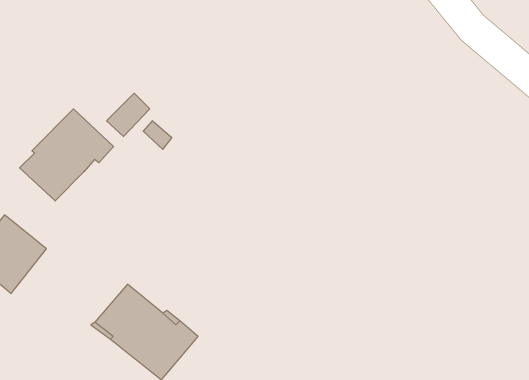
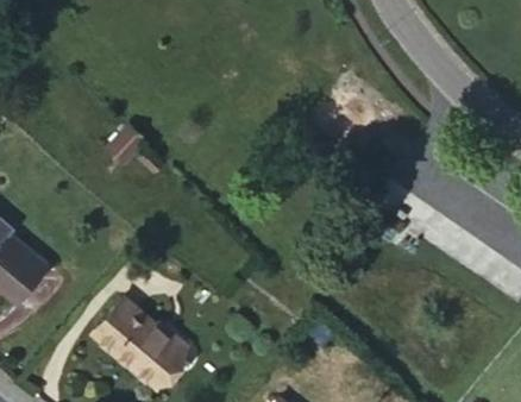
building: [20,109,114,201] -> none

